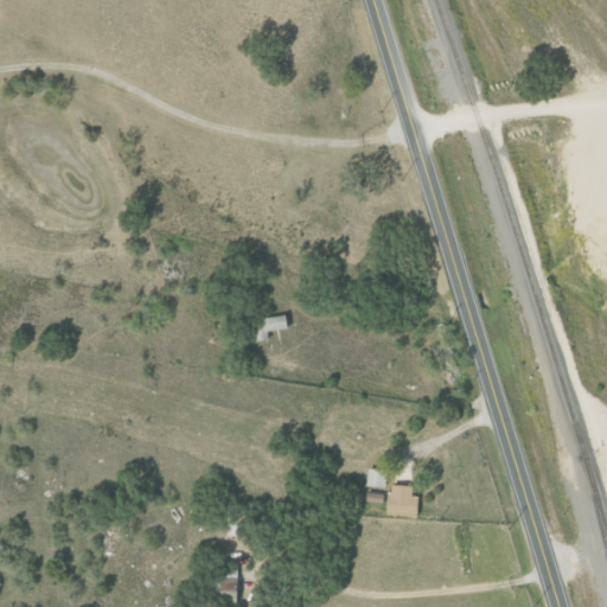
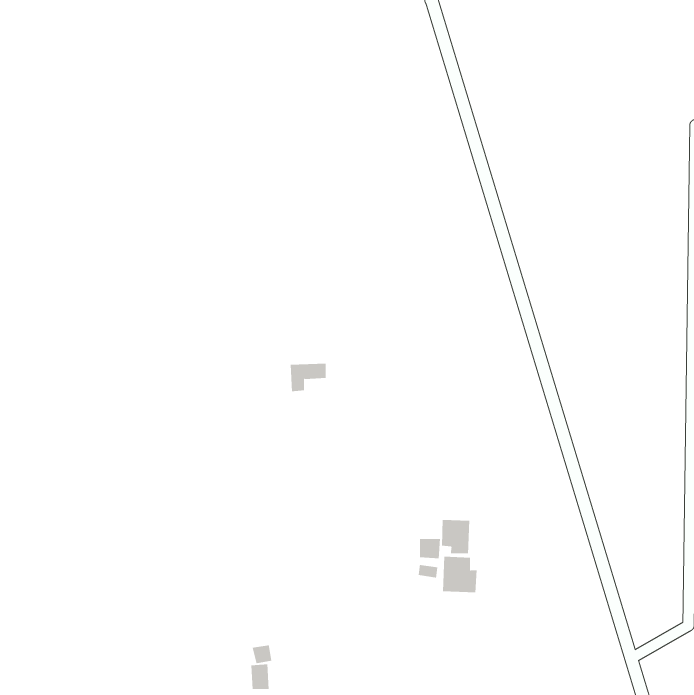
building: none -> [441,519,470,554]

